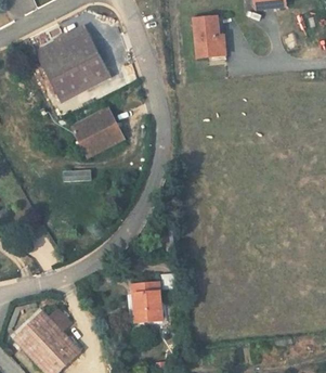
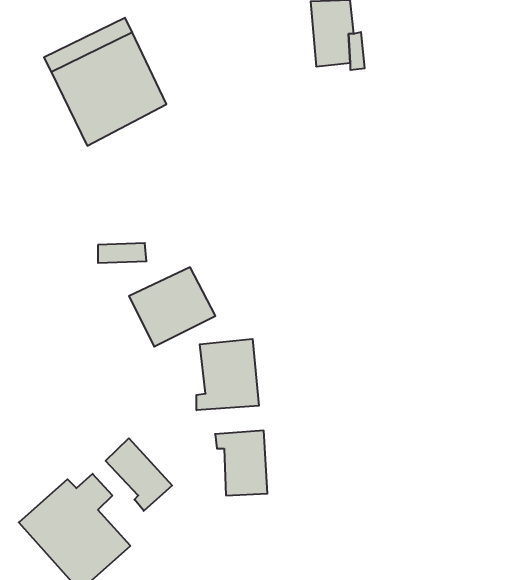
building: [66,115,118,163] -> [129,267,215,347]
building: none -> [196,339,259,410]
building: none -> [106,438,172,511]

